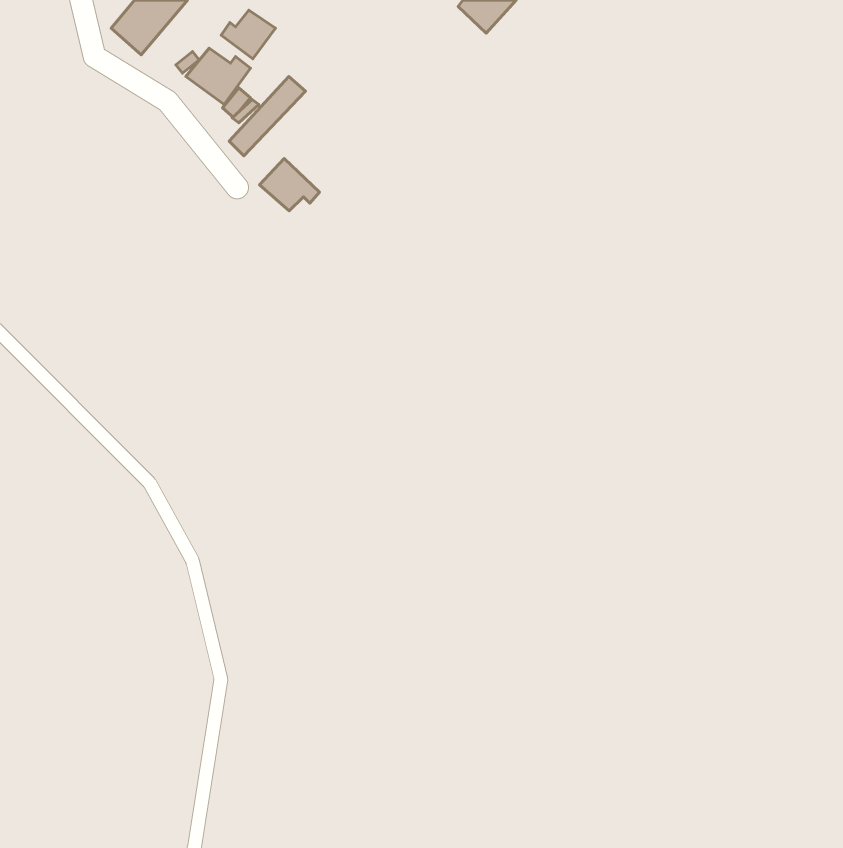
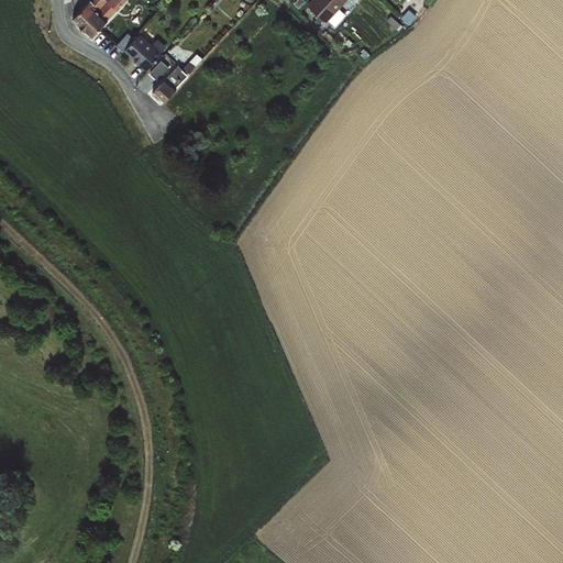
building: [221,10,275,59] -> none
building: [259,159,319,211] -> none

